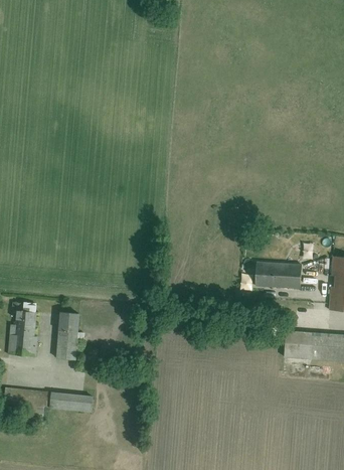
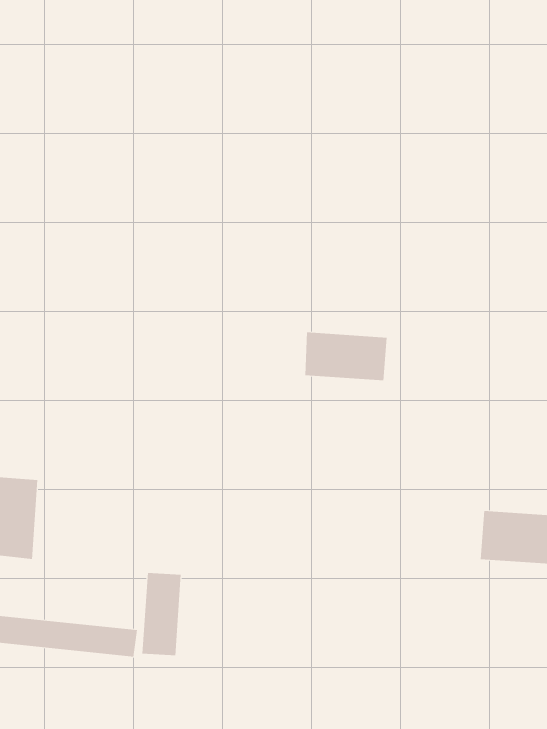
building: [254,261,301,288] -> [304,332,388,381]
building: [57,313,79,359] -> [142,573,181,656]

